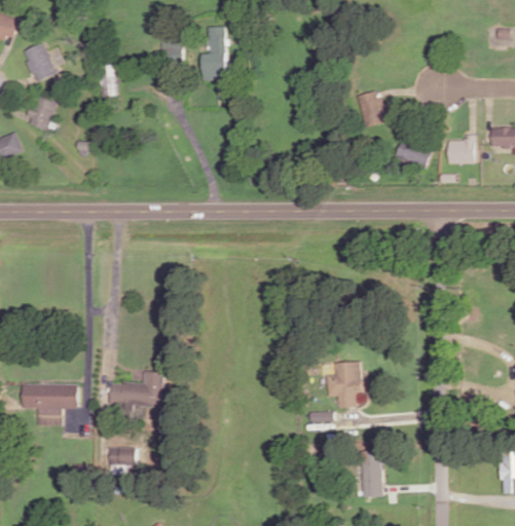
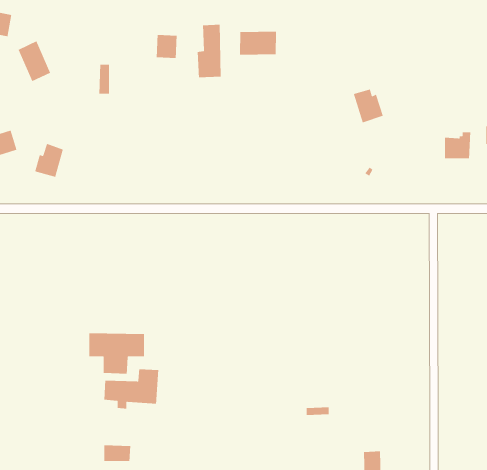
building: none -> [239,31,277,55]
building: [25,96,54,130] -> [34,143,64,178]
building: [396,139,433,166] -> none
building: [328,361,363,406] -> none
building: [21,384,77,426] -> [88,332,145,374]

